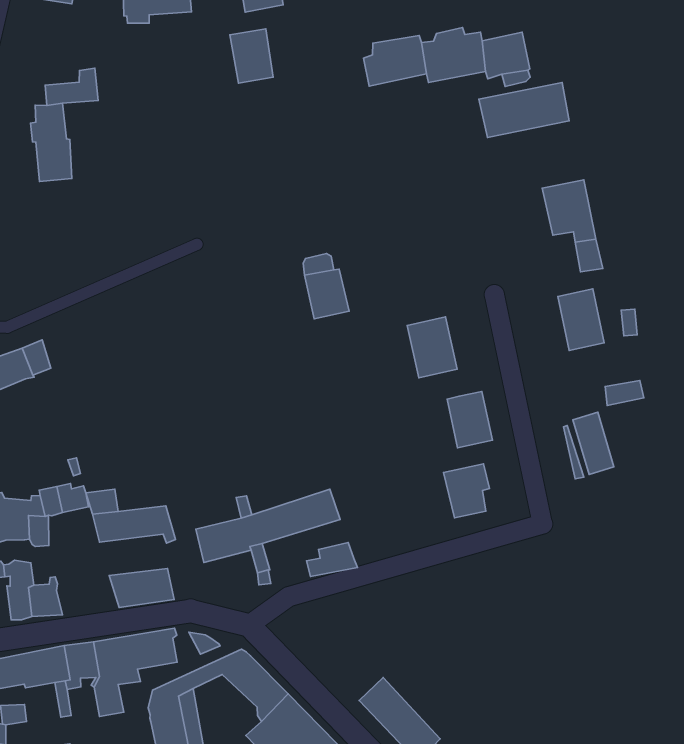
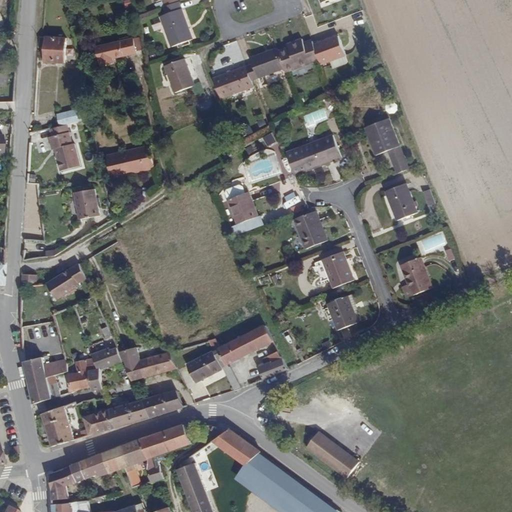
building: none -> [210,66,250,99]
building: [479,83,569,138] -> [284,135,340,175]
building: none -> [106,142,153,176]
building: none -> [76,189,99,220]
building: none -> [111,399,150,427]

